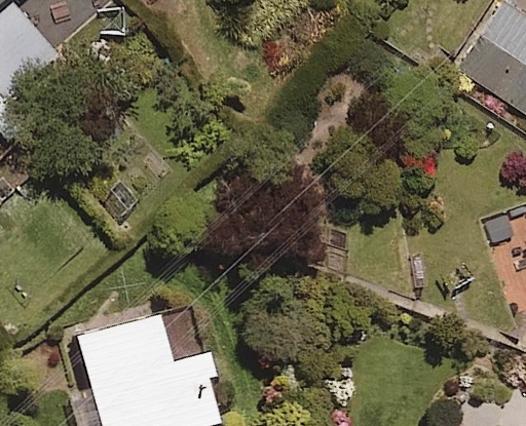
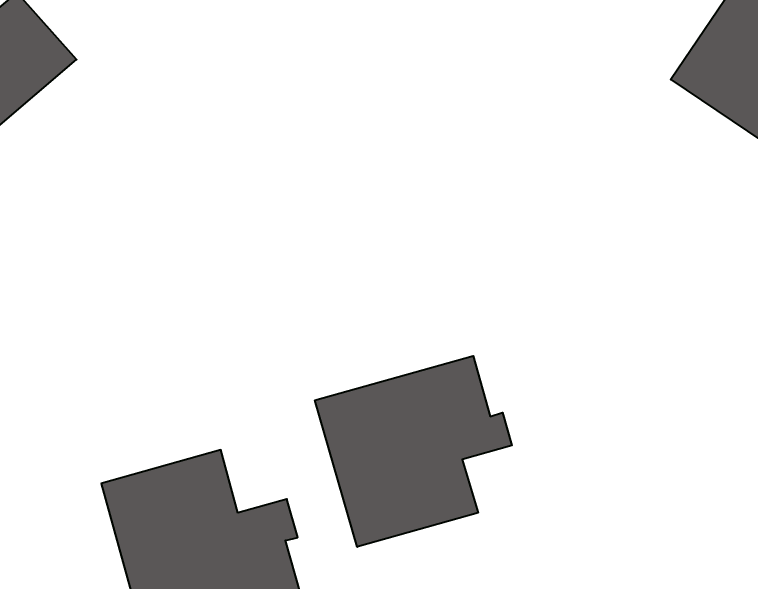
building: none -> [315,356,512,547]

